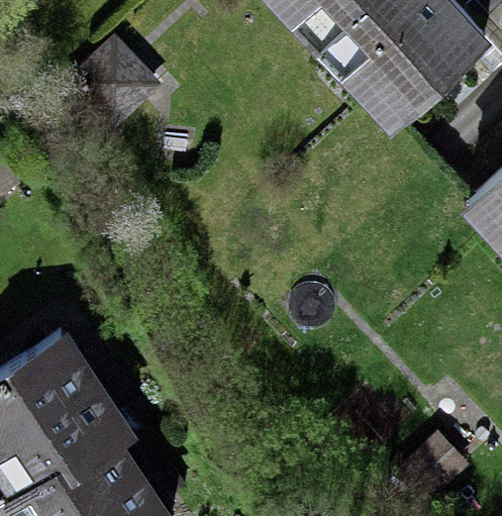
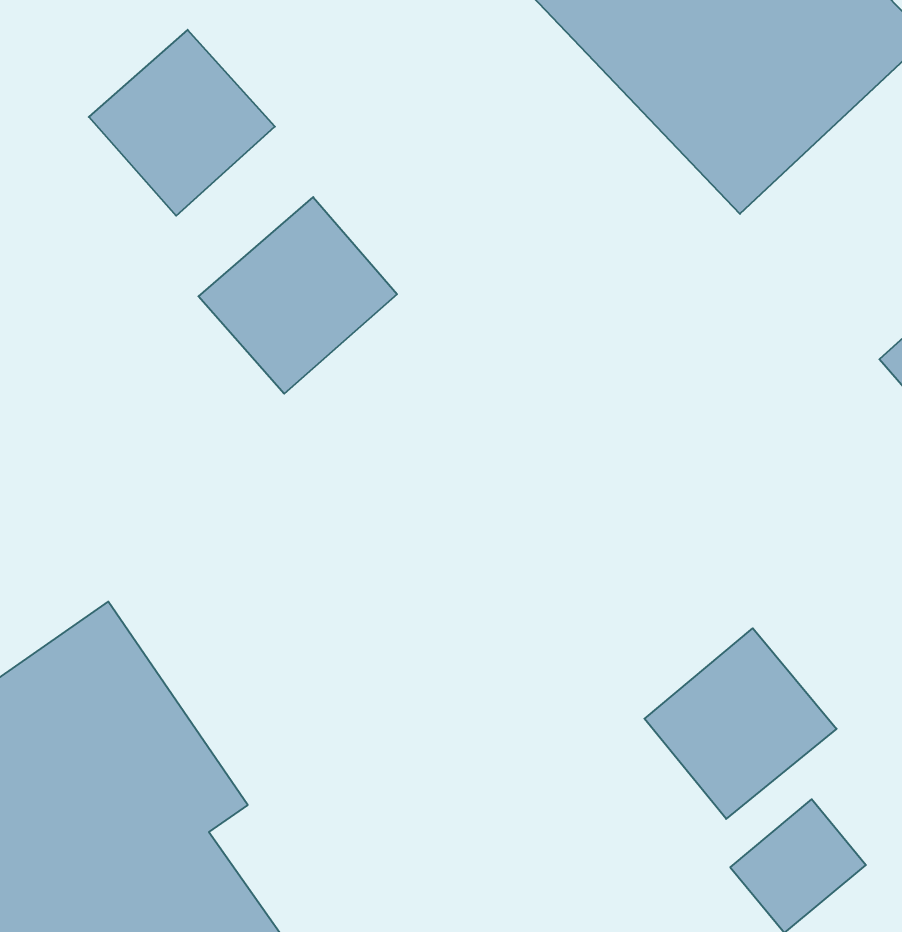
building: none -> [198,197,397,394]
building: none -> [644,628,837,819]

